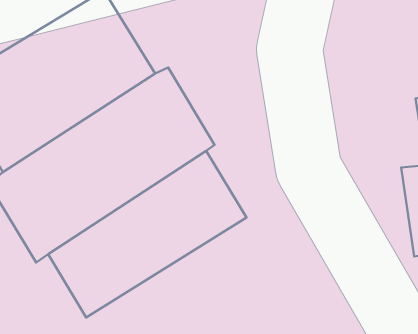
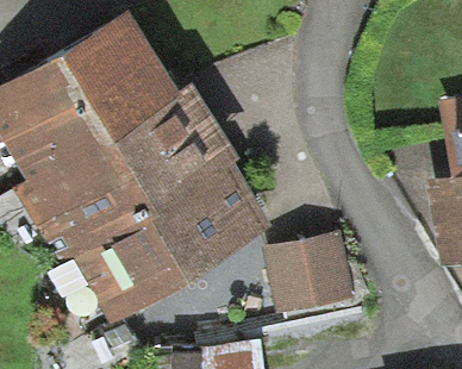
building: none -> [261,232,355,320]

